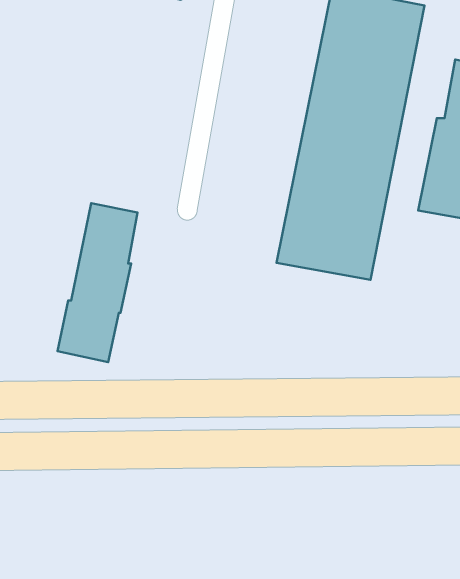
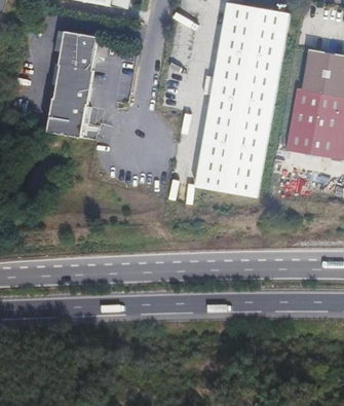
building: [57,203,137,362] -> [46,30,100,136]

